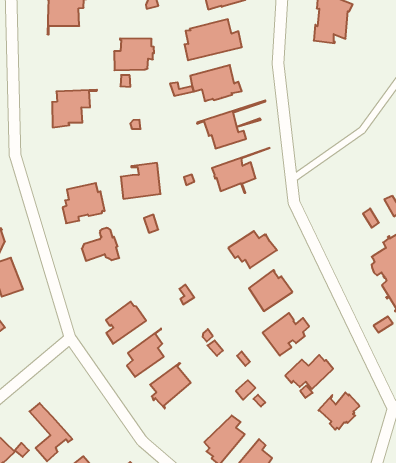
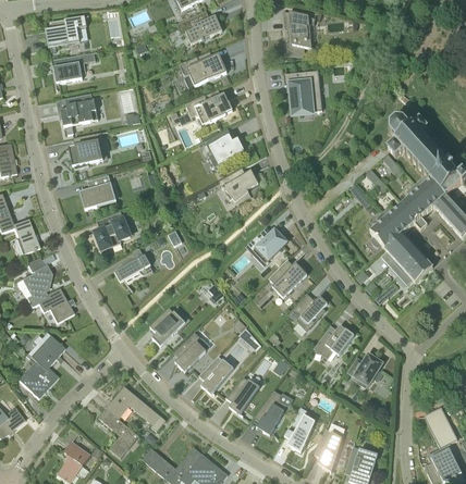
building: [114,38,154,70] -> [61,94,96,126]
building: none -> [283,70,322,112]
building: [121,163,161,199] -> [79,174,116,210]
building: none -> [106,386,165,431]
building: none -> [225,370,259,417]

